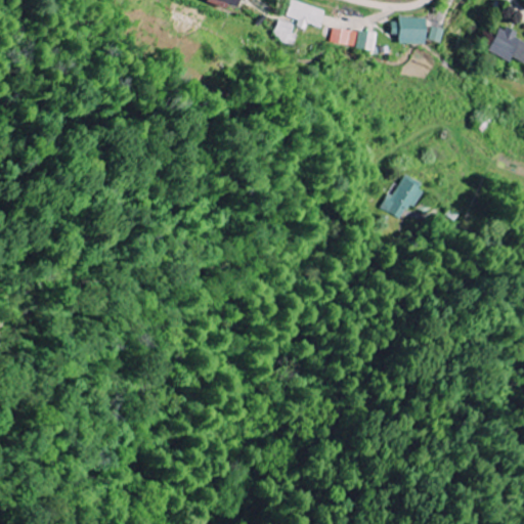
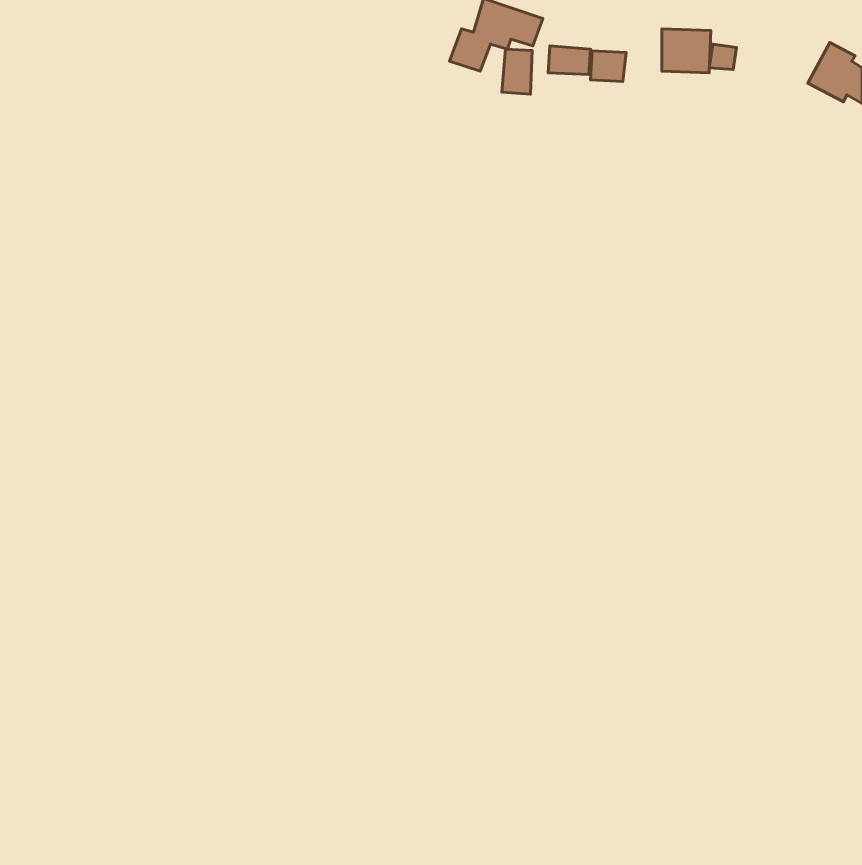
building: none -> [502,49,532,94]
building: [381,176,422,220] -> none

